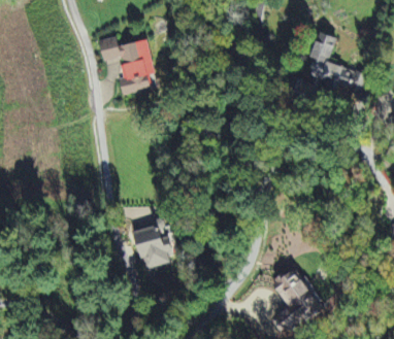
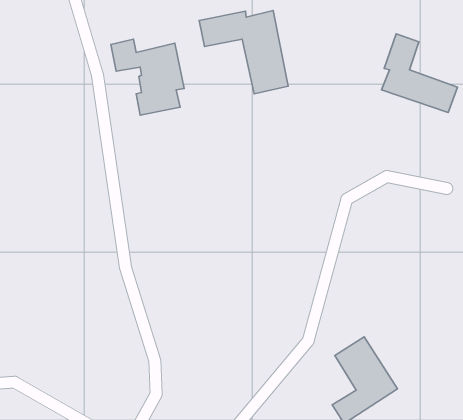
building: none -> [199,10,288,94]
building: [132,217,177,268] -> none

